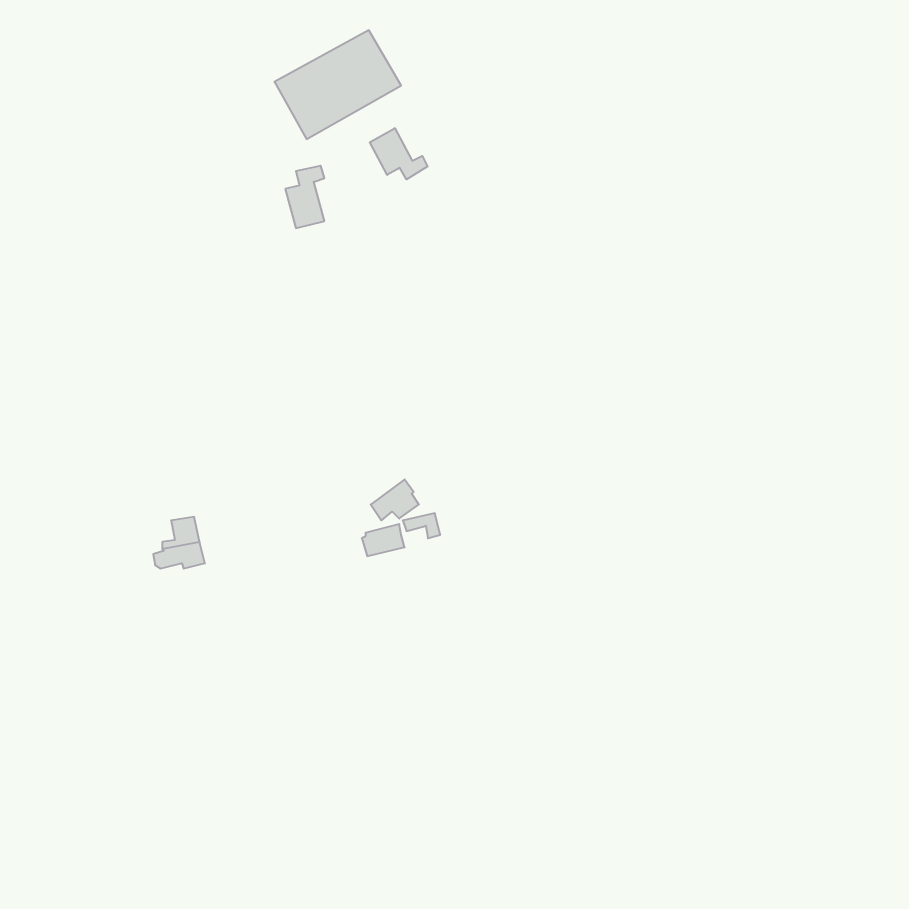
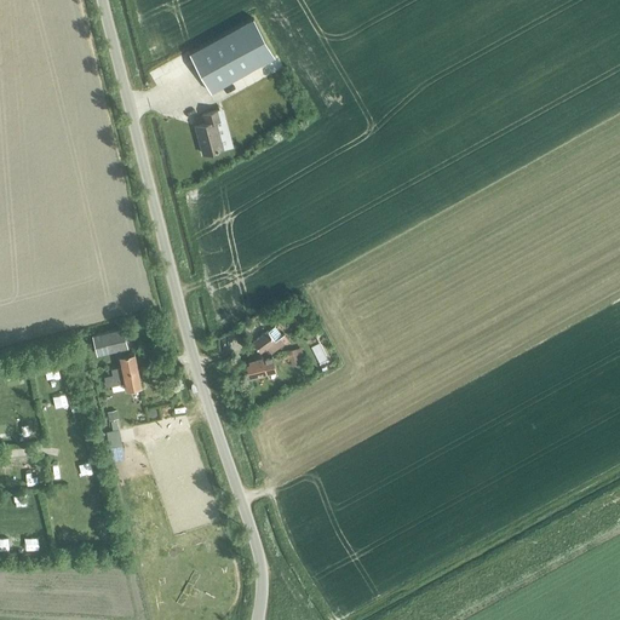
building: [370,128,428,179] -> none
building: none -> [93,327,128,352]

